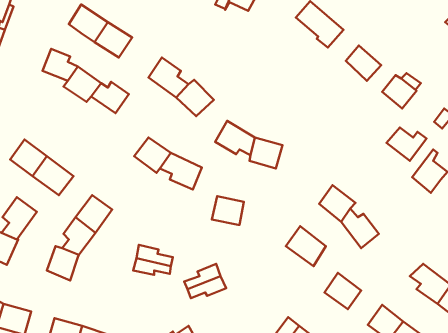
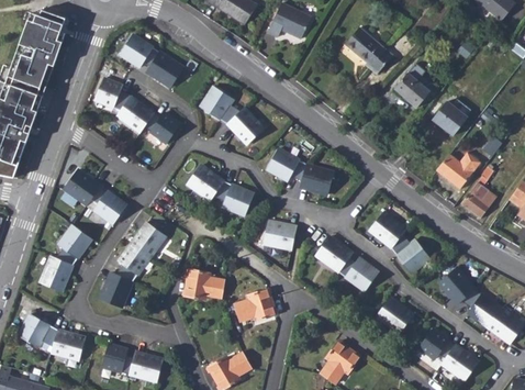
building: none -> [314,236,350,271]
building: none -> [437,269,472,305]

